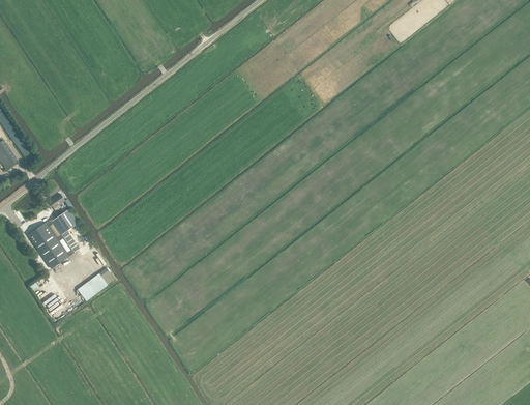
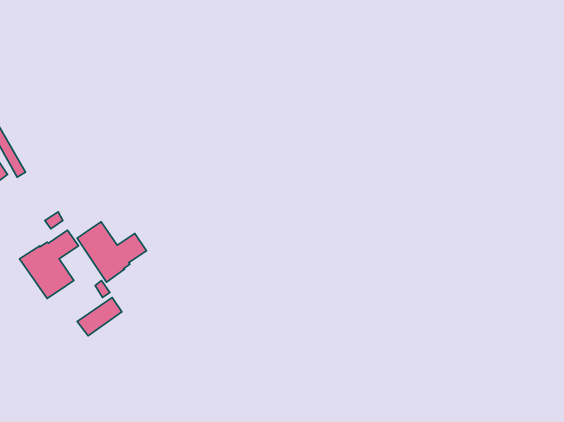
building: none -> [77,222,147,282]

